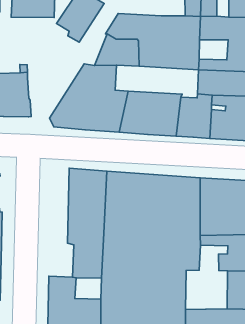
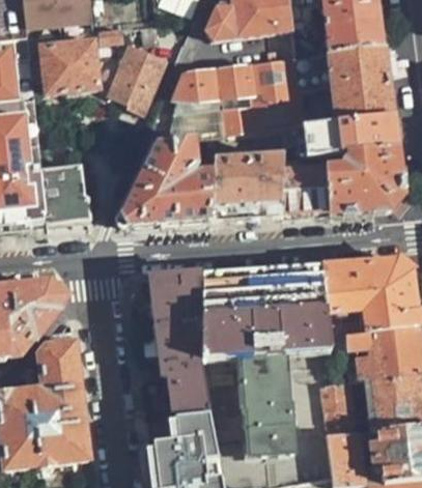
building: none -> [320,382,353,435]
building: none -> [181,410,217,441]

